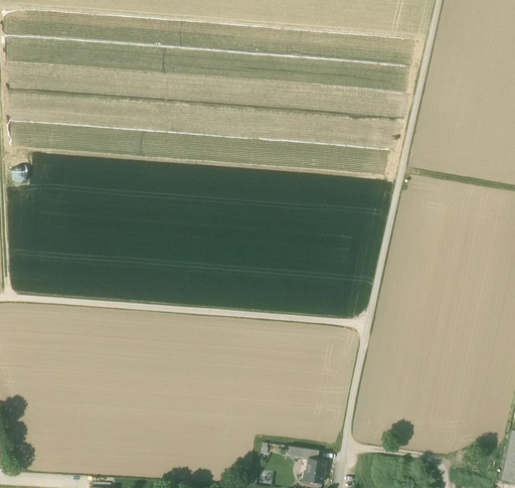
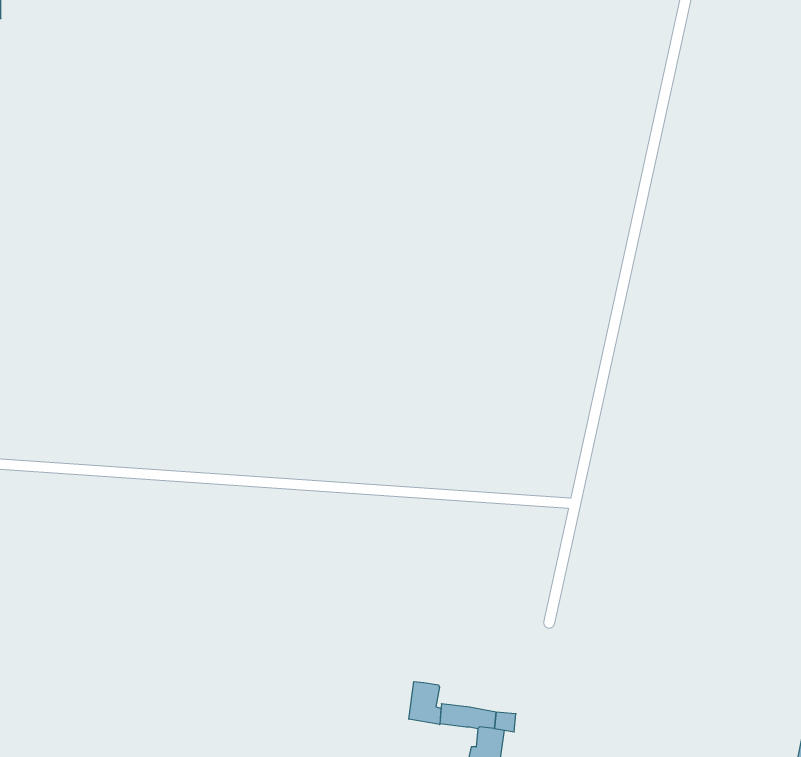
building: none -> [409,682,441,725]

